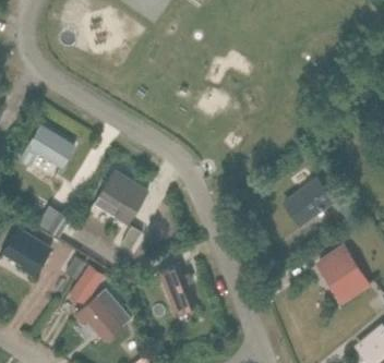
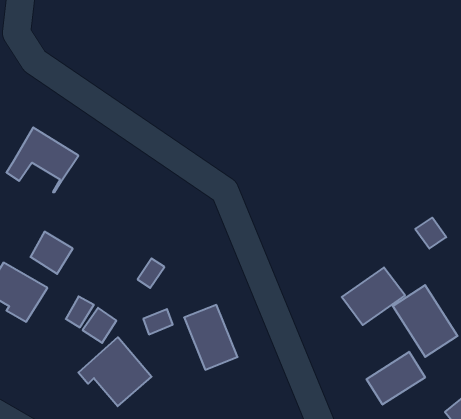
building: [94,176,147,225] -> none
building: [284,180,333,225] -> [342,267,405,325]
building: none -> [367,352,425,405]

